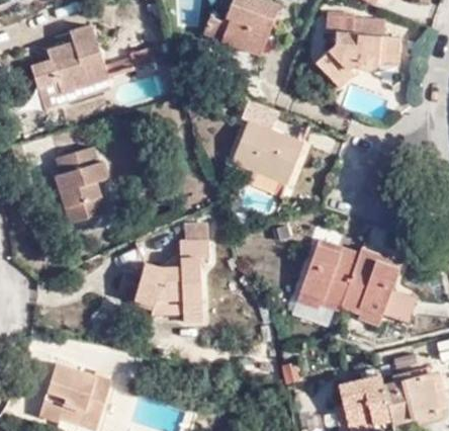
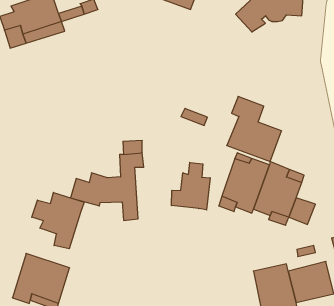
building: [234,98,302,180] -> [227,96,282,162]
building: [52,146,101,223] -> none
building: none -> [171,162,210,210]
building: none -> [32,192,84,249]

